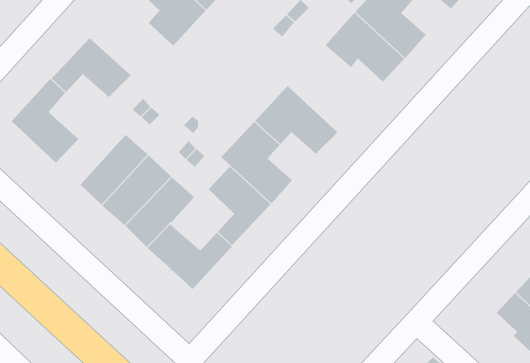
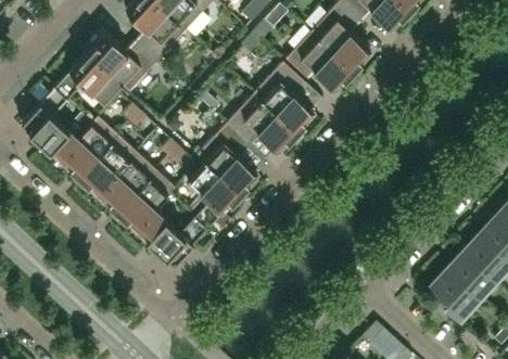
building: none -> [84,34,156,92]
building: none -> [253,63,314,136]
building: none -> [56,117,116,180]

